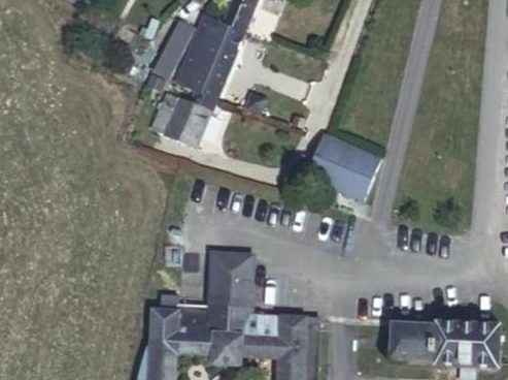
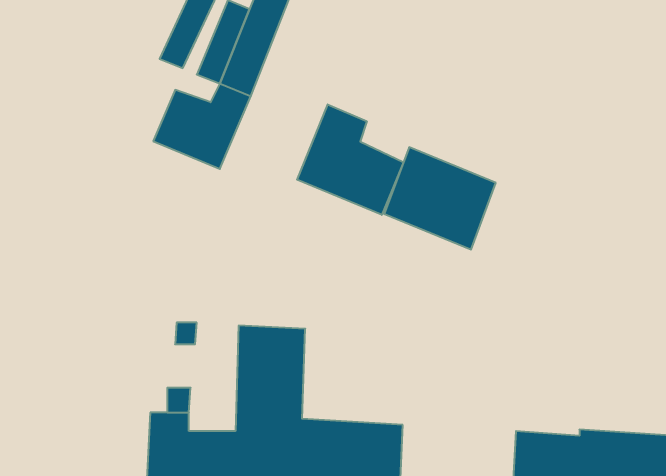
building: none -> [297,104,403,215]

